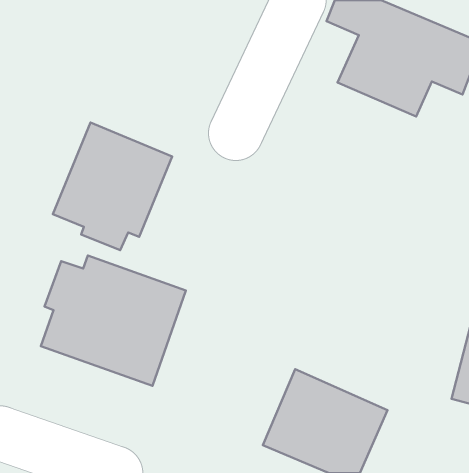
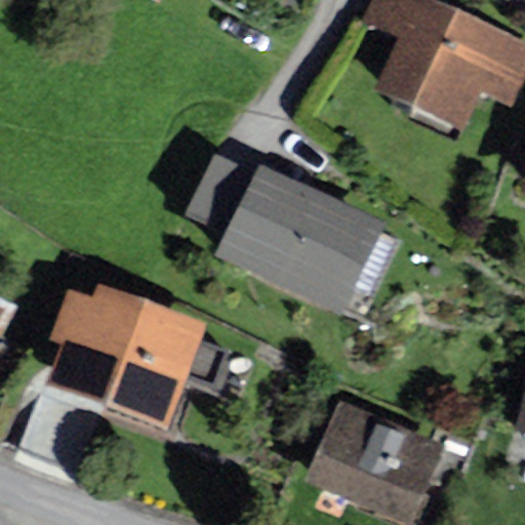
building: [53,123,172,250] -> none
building: none -> [217,164,417,319]

